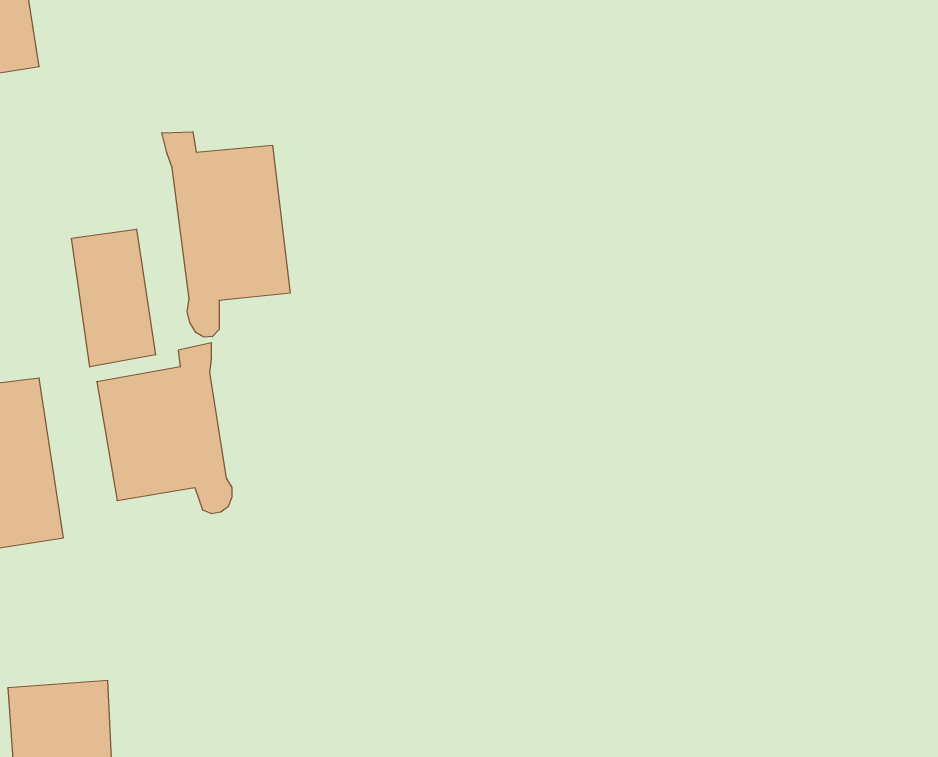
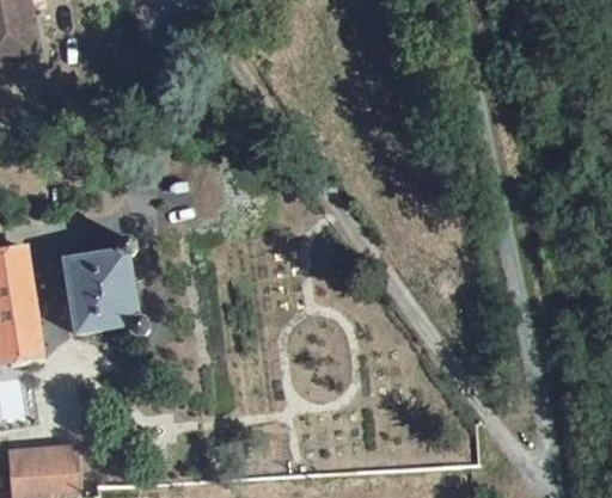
building: [162,132,290,337] -> none
building: [72,229,156,367] -> none

